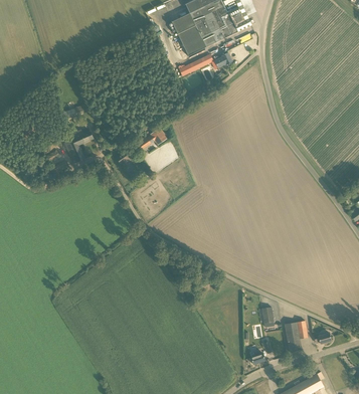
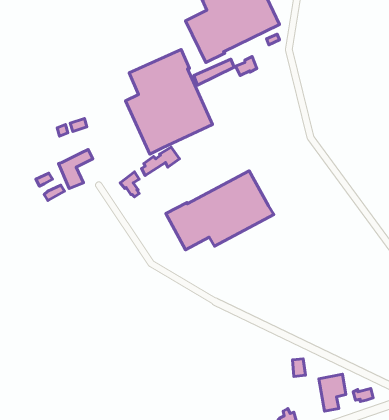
building: none -> [126,49,213,154]
building: none -> [166,171,274,250]

